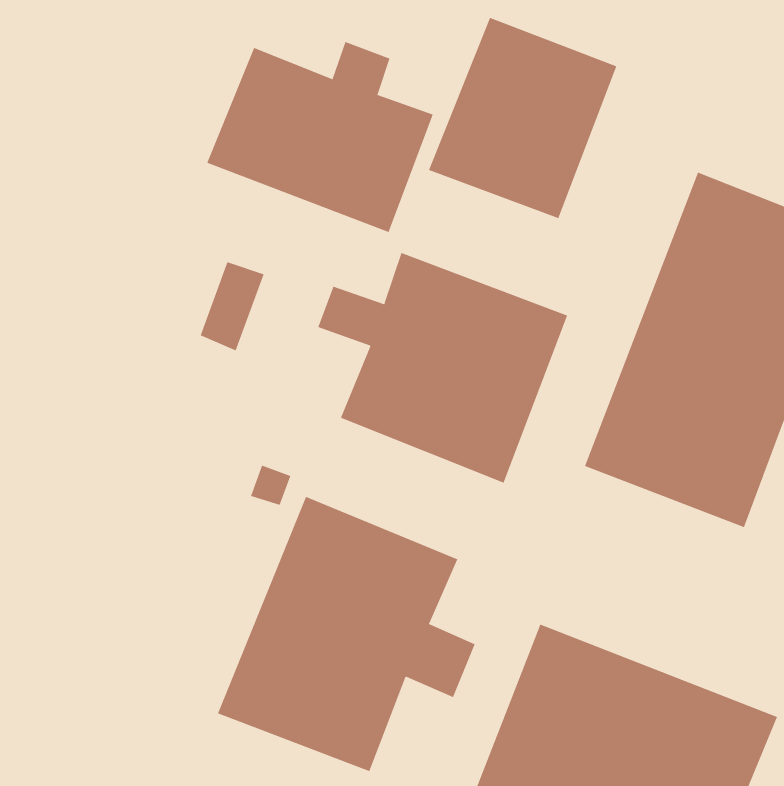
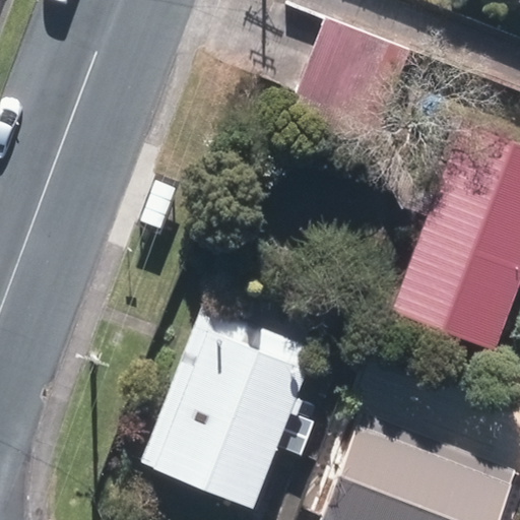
building: [207,41,433,233] -> none
building: [318,252,568,483] -> none

